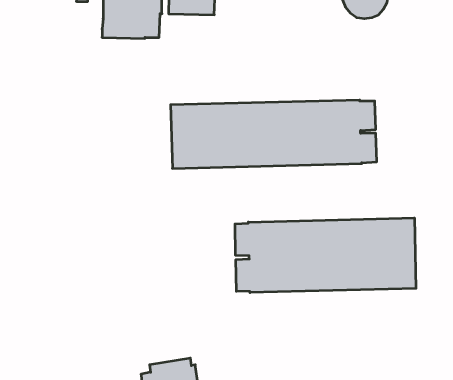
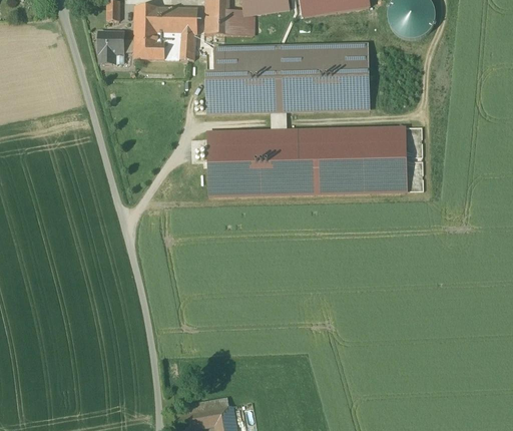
building: none -> [97,31,134,63]
building: none -> [204,42,369,114]
building: [235,218,416,293] -> none

